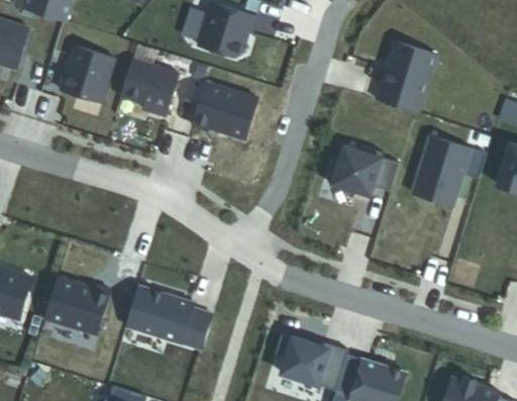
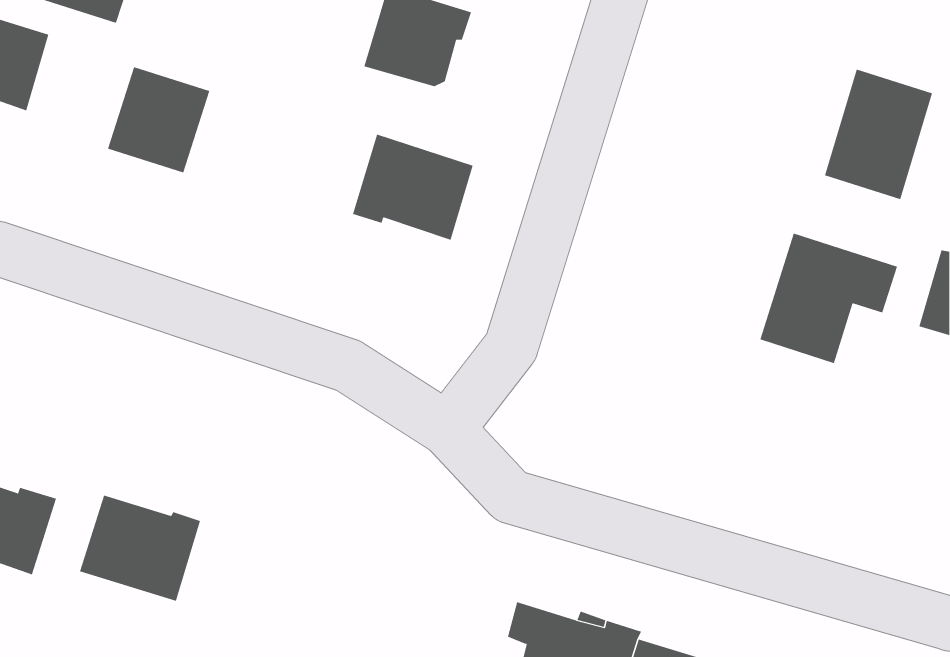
building: [376,42,434,113] -> [824,69,933,200]
building: [119,60,178,116] -> none
building: [326,145,398,193] -> none
building: [136,290,212,349] -> none

